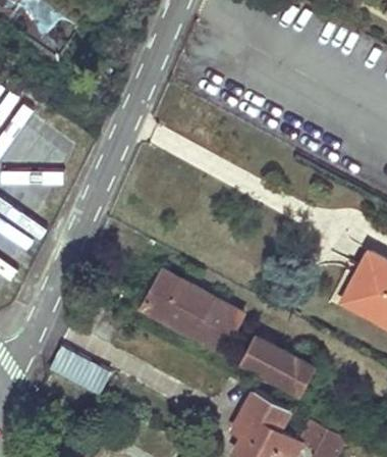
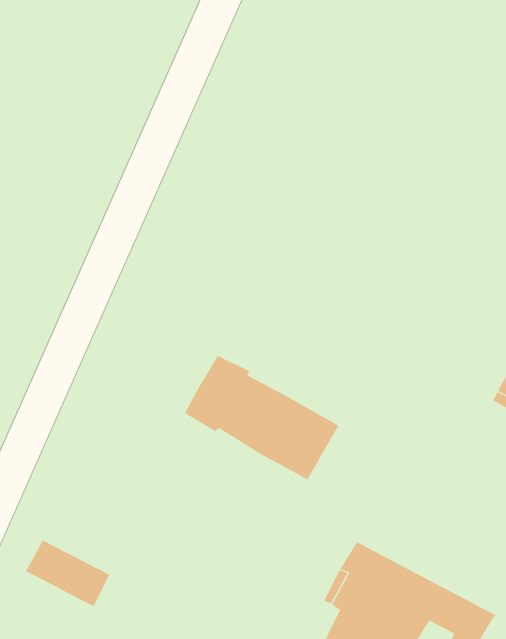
building: [239,337,315,397] -> none
building: [50,347,105,391] -> [25,540,110,607]

